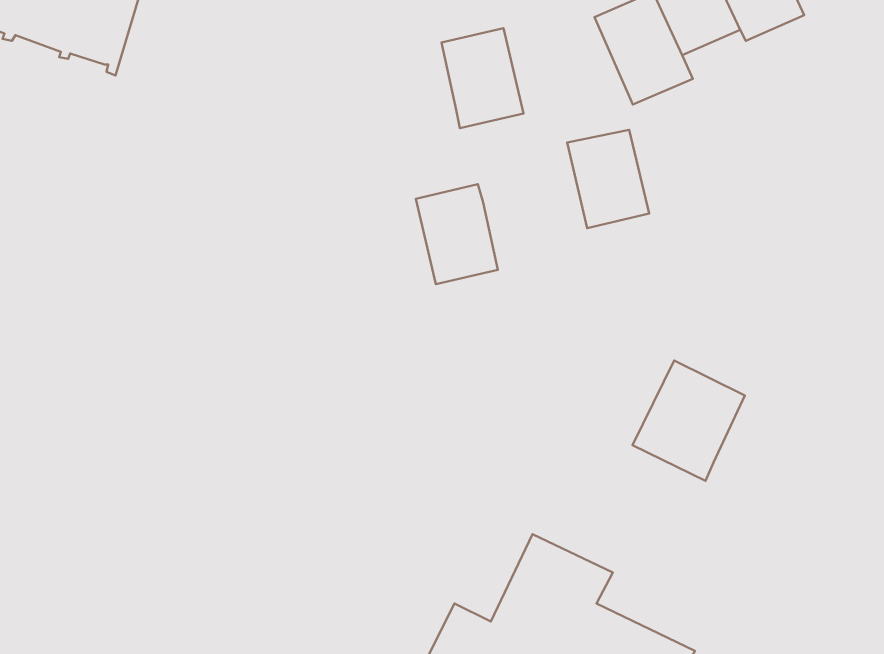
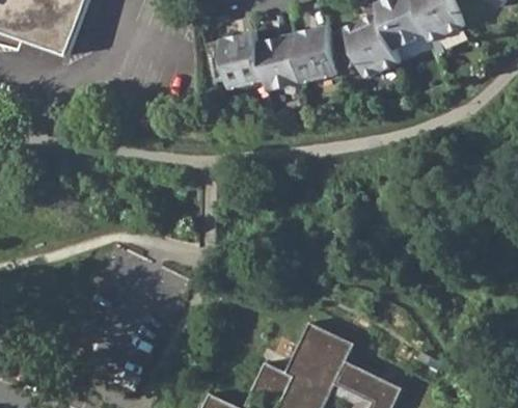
building: [567,130,649,228] -> [292,25,338,81]
building: [416,184,498,284] -> [218,30,265,87]
building: [632,360,745,481] -> none

